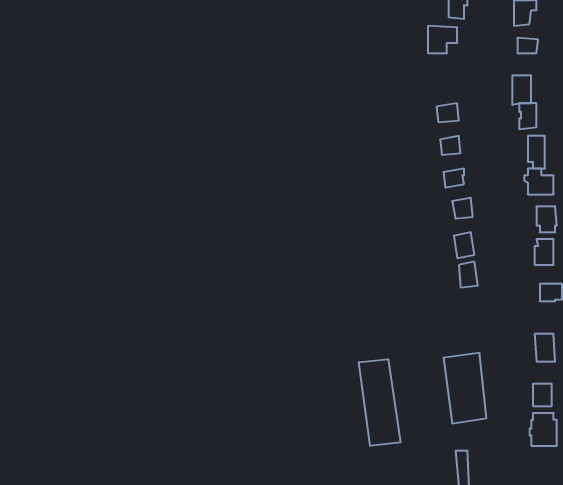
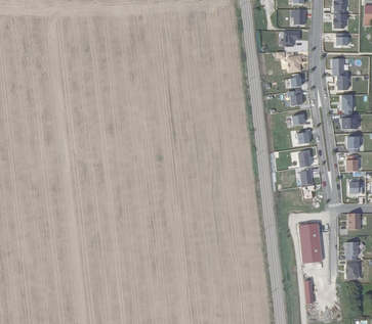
building: [359,359,400,446] -> none

